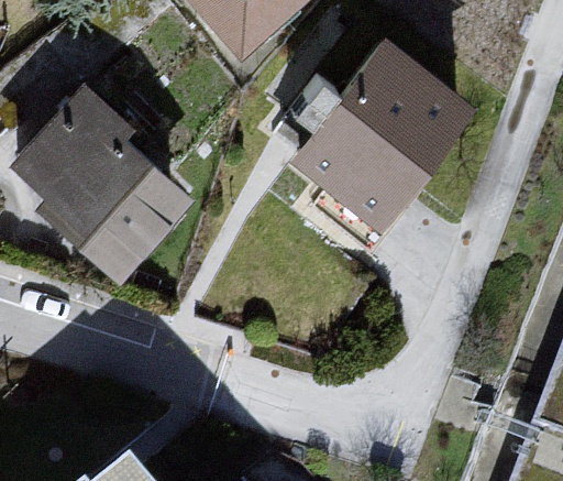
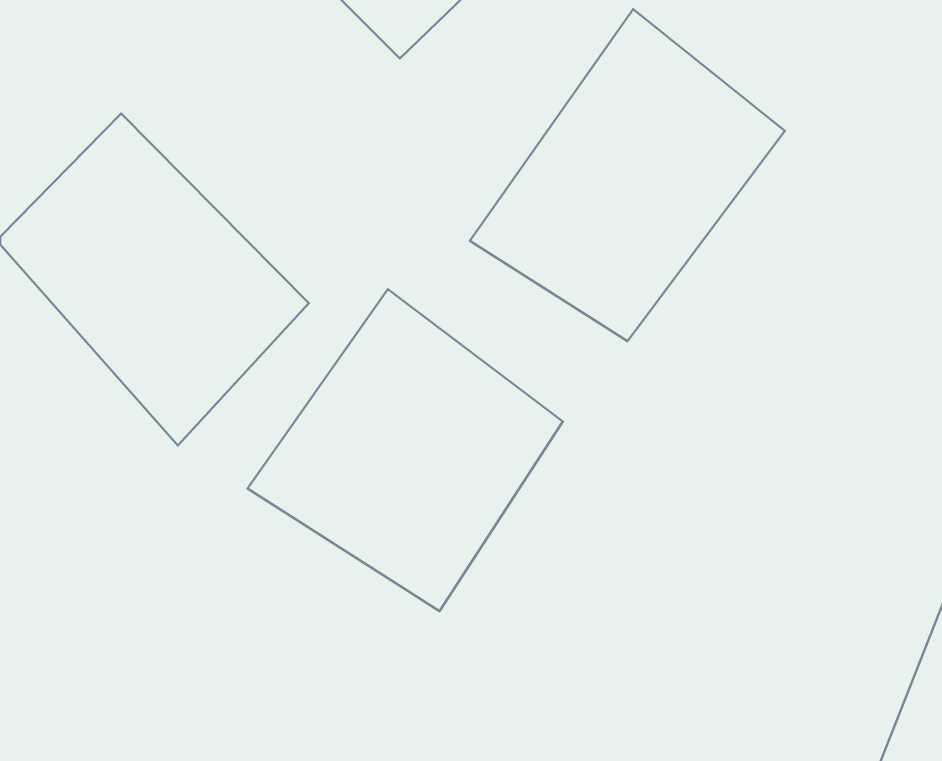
building: none -> [248,289,563,611]

